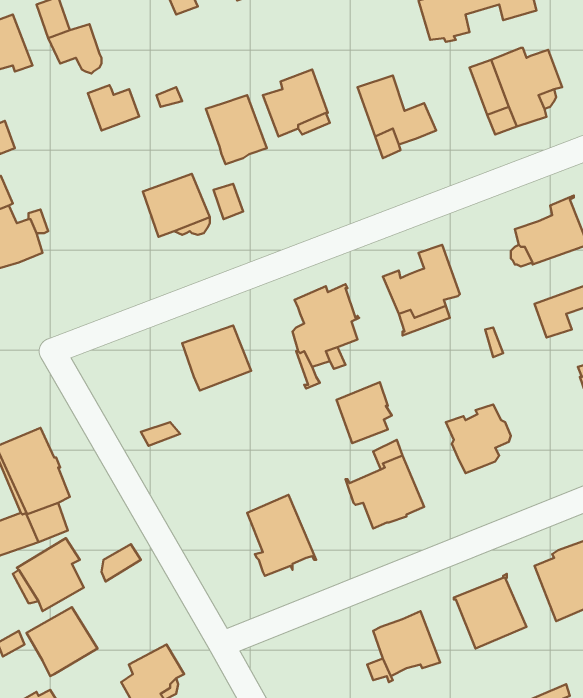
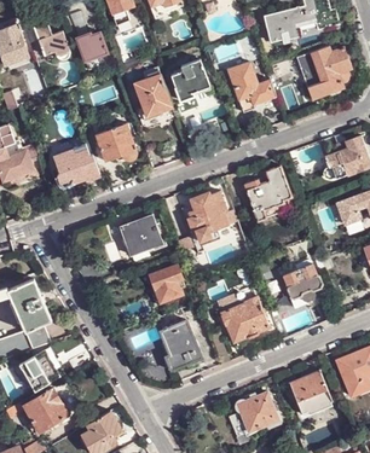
building: [88,85,139,130] -> [76,33,108,60]
building: none -> [56,144,99,187]
building: [337,382,392,443] -> [150,265,184,302]

